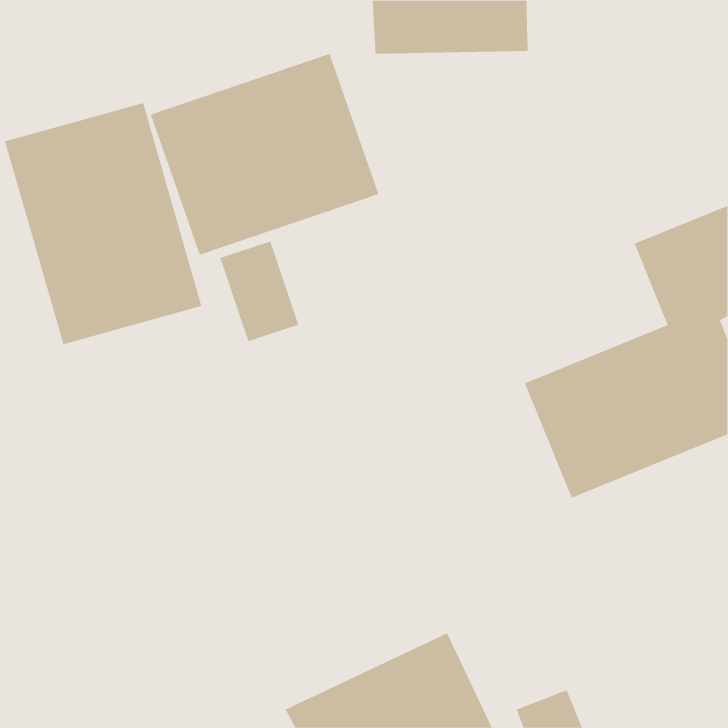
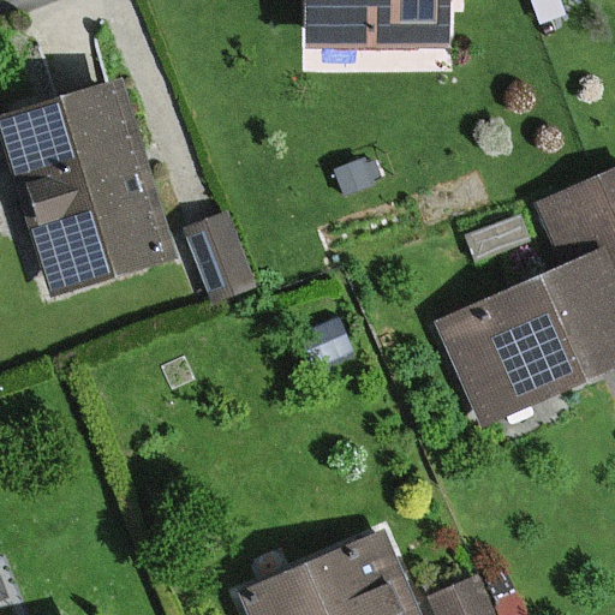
building: [150,53,379,256] -> none

